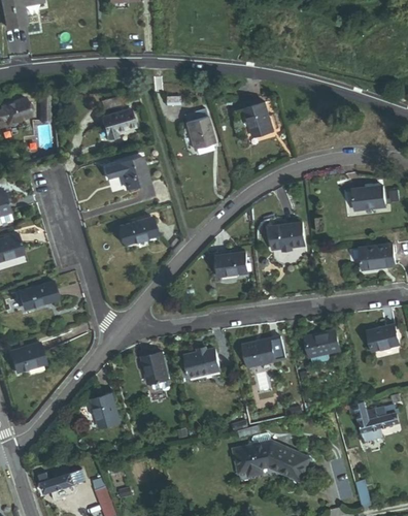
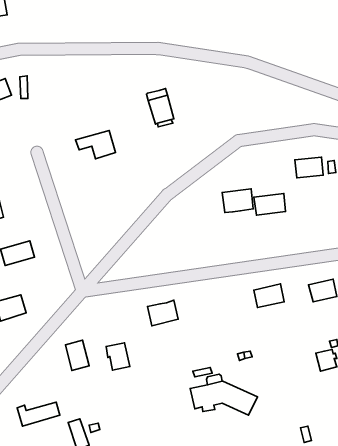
building: [244,102,273,137] -> none
building: [101,109,135,140] -> none
building: [120,218,156,245] -> none
building: [359,245,395,269] -> [254,193,286,215]
building: [215,253,247,281] -> none
building: [243,338,285,368] -> none
building: [141,353,168,384] -> [106,343,130,370]
building: [349,401,382,443] -> none

